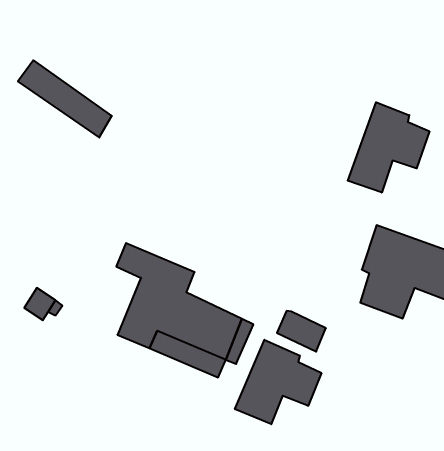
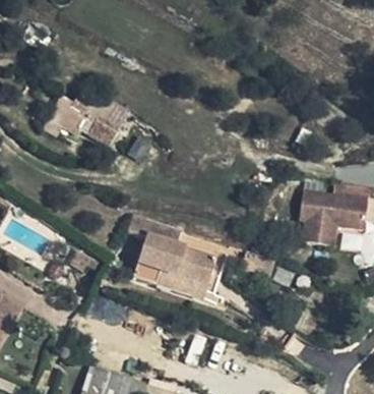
building: [348,102,429,193] -> none
building: [235,340,321,424] -> none

